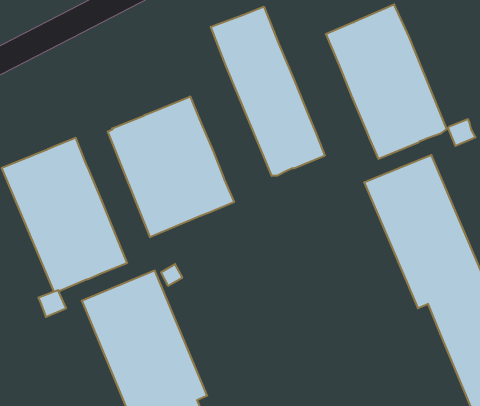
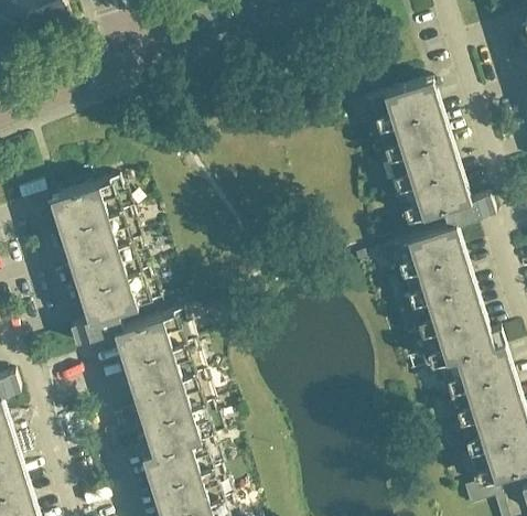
building: [211,7,325,176] -> none
building: [108,96,234,237] -> none

